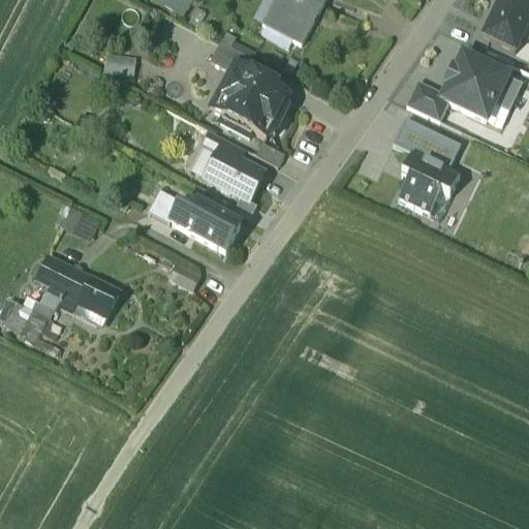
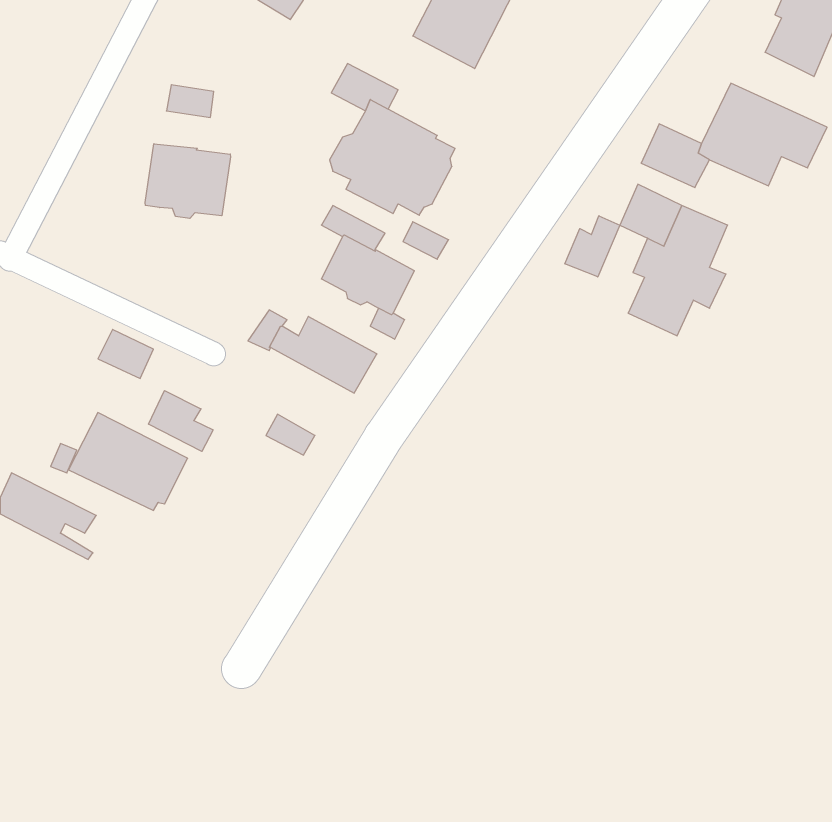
building: none -> [145,144,231,218]
building: none -> [565,216,620,277]
building: none -> [149,391,213,451]

